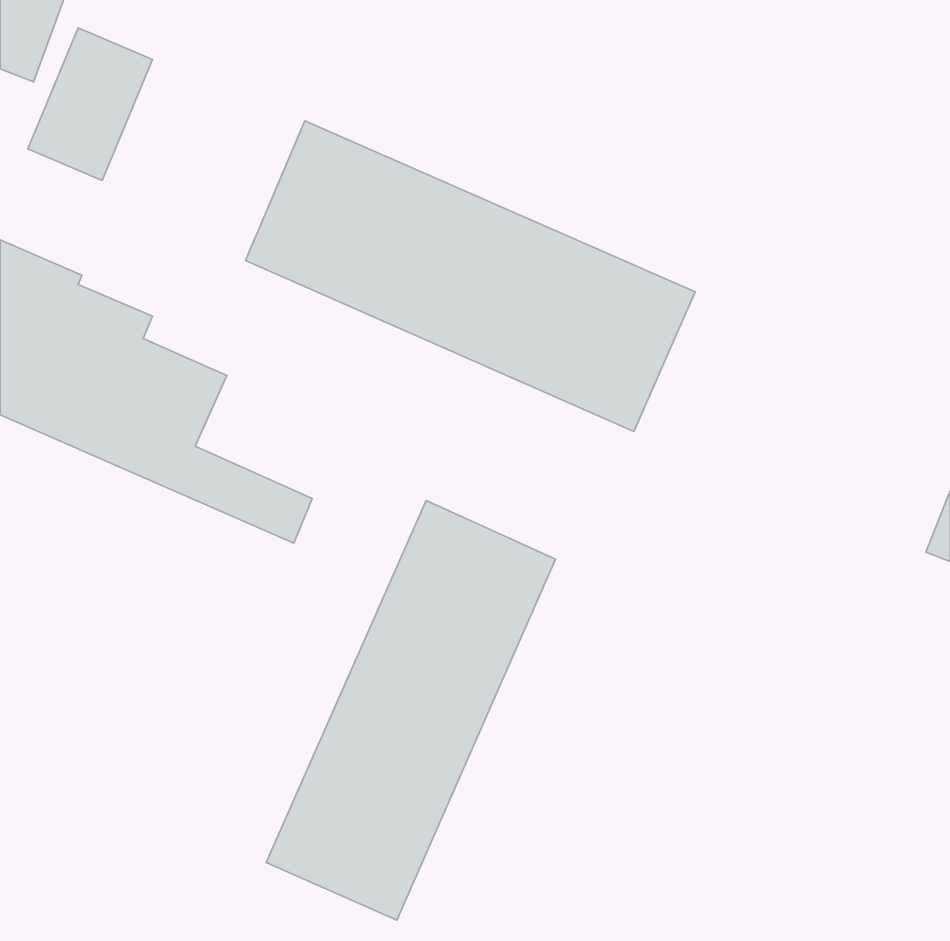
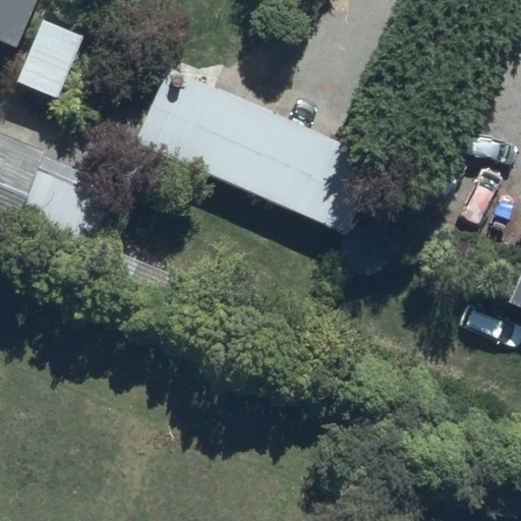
building: [266,500,556,920] -> none

